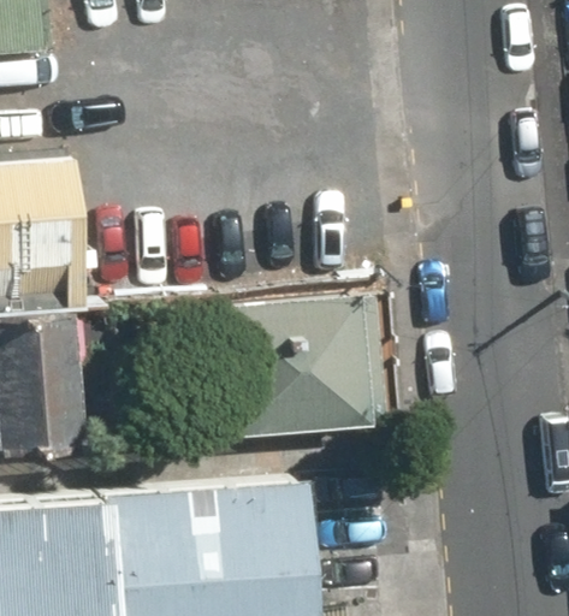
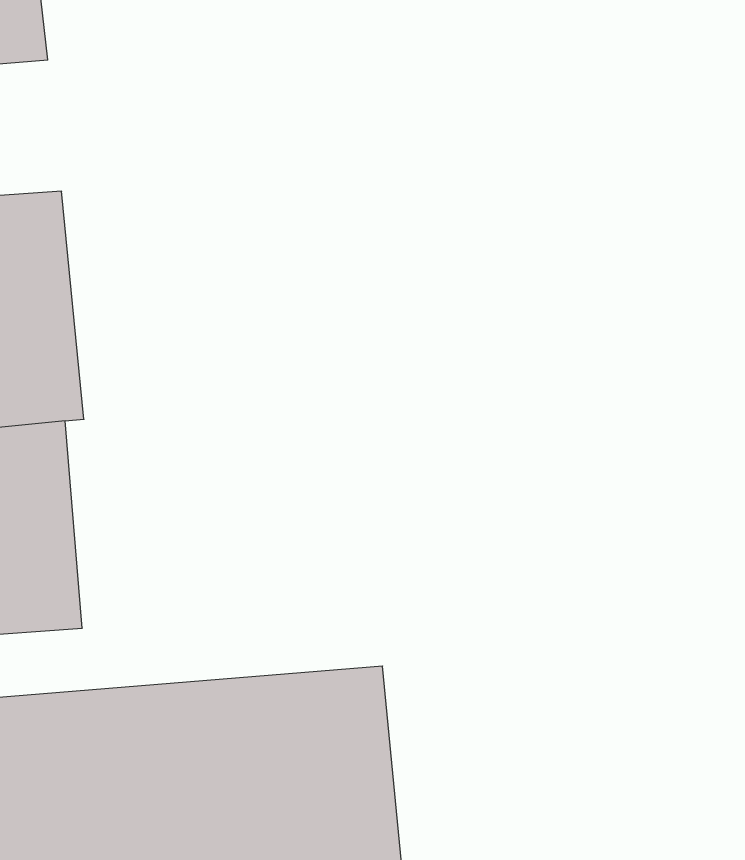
building: [220,300,371,440] -> none

